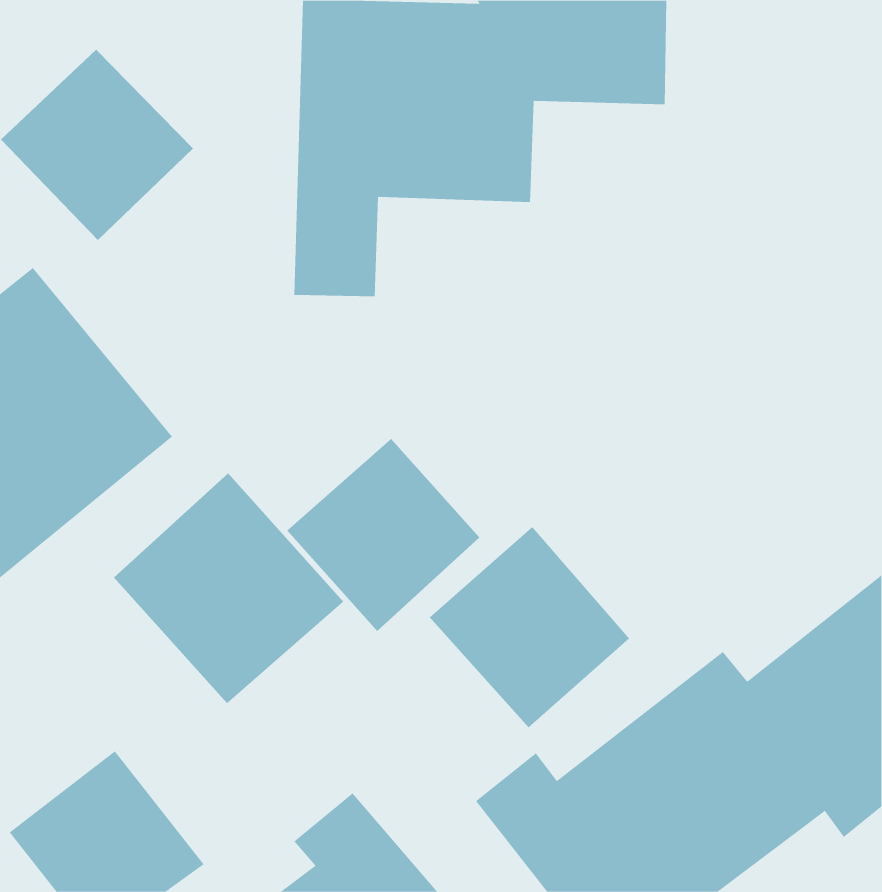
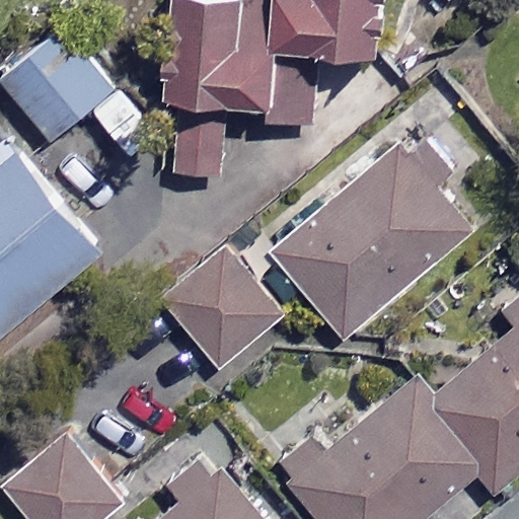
building: none -> [275,149,465,335]
building: [113,473,344,704] -> none
building: [429,526,630,728] -> none

